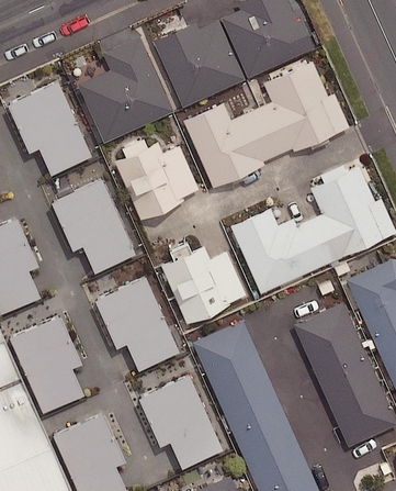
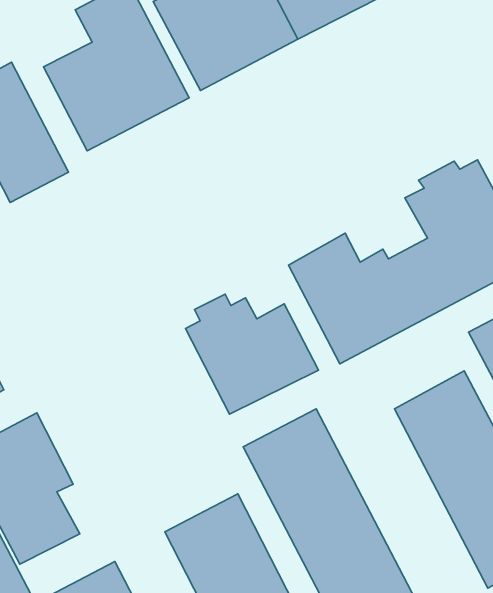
building: [185,65,350,190] -> none
building: [116,146,201,223] -> none
building: [52,181,134,271] -> none
building: [94,278,177,369] -> none

